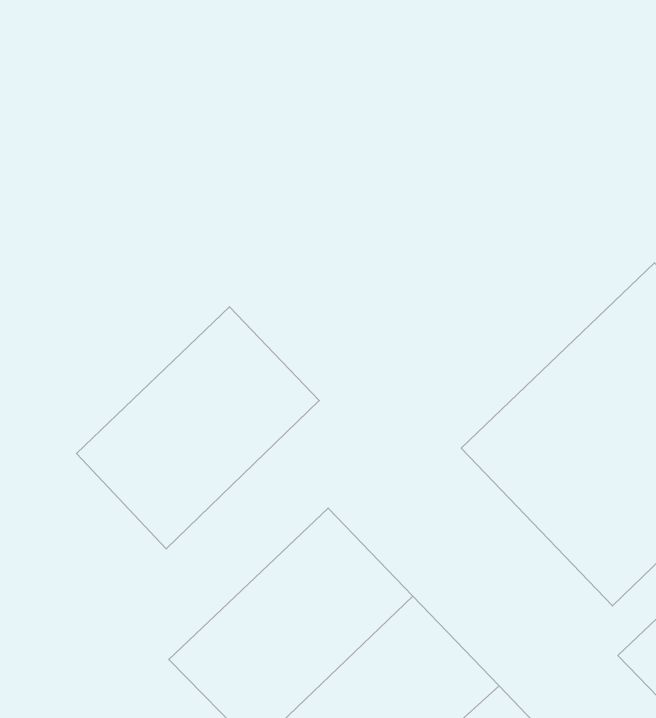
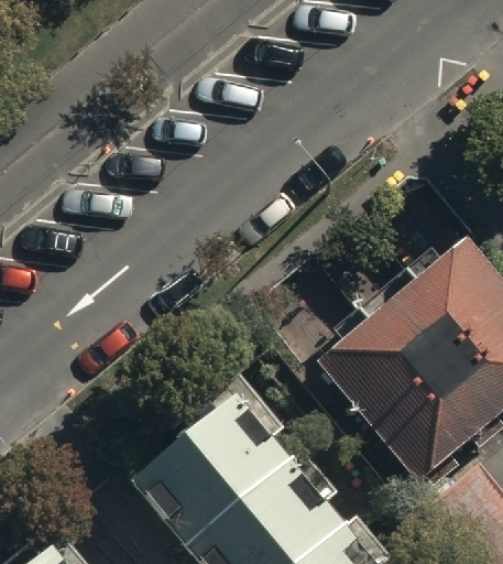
building: [76,307,319,549] -> none

